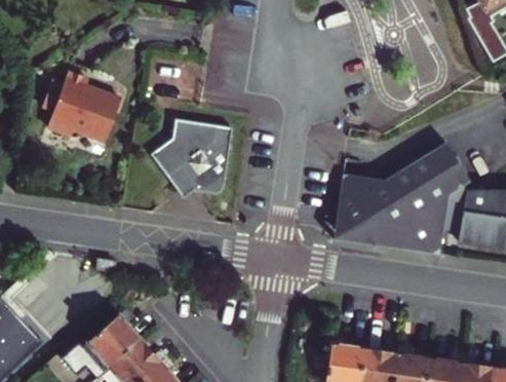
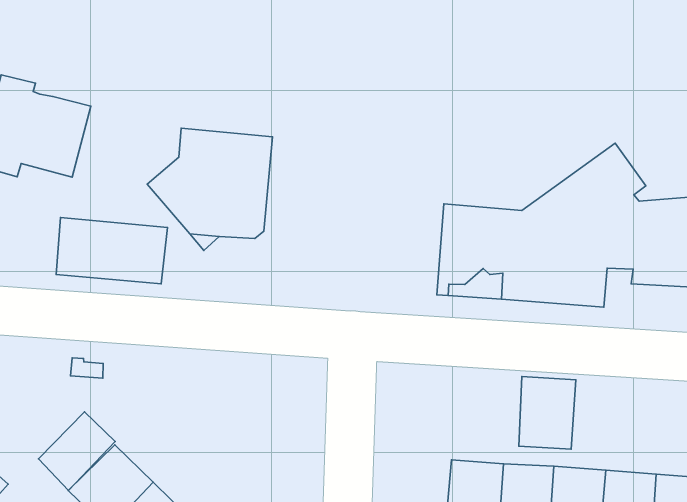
building: none -> [56,218,168,284]
building: none -> [519,376,576,449]
building: none -> [38,412,115,490]

